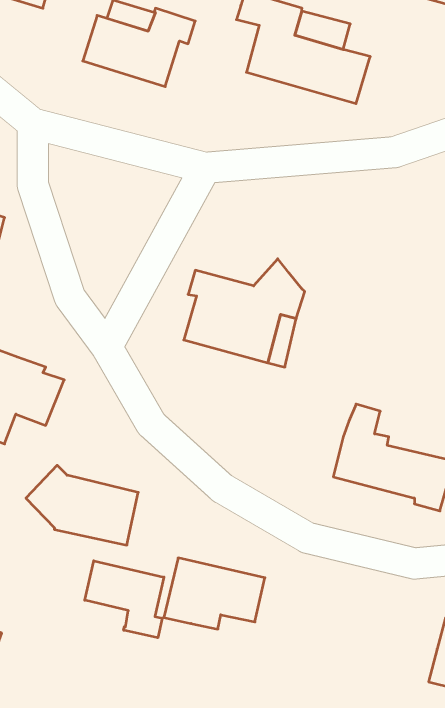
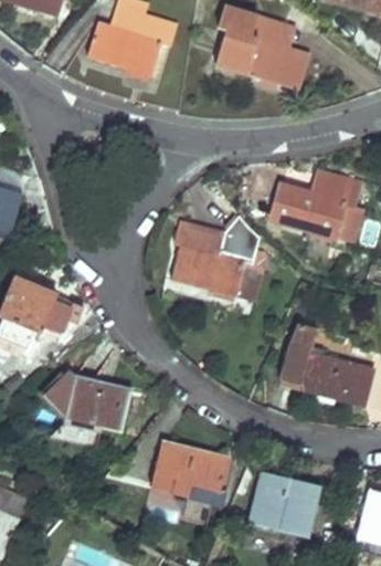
building: none -> [271,169,362,237]
building: [85,561,164,638] -> none
building: none -> [250,473,319,536]

